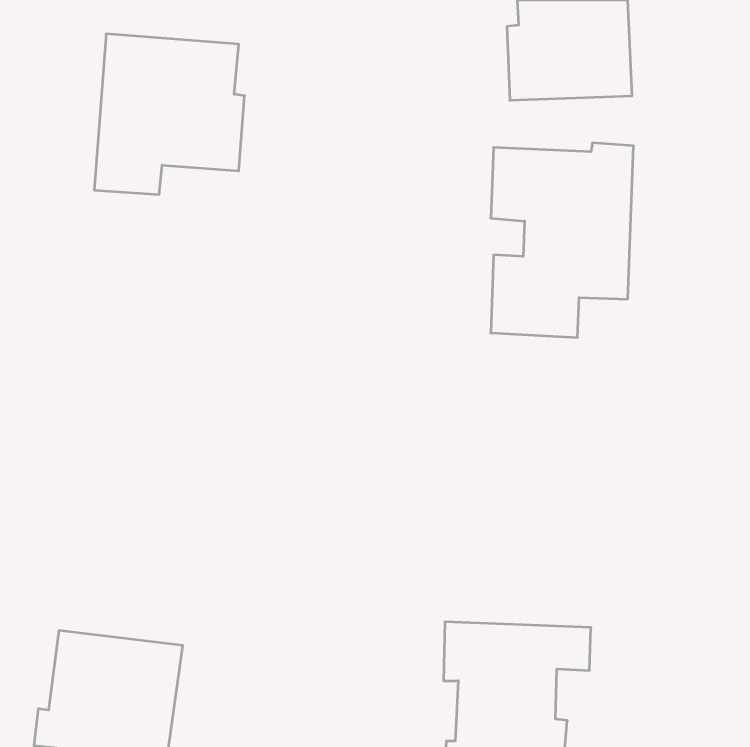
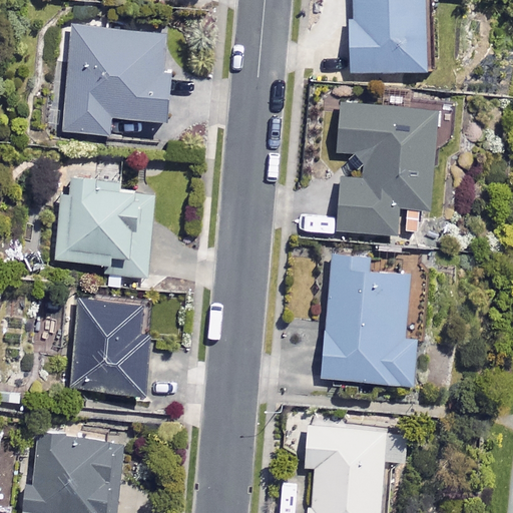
building: none -> [59,165,156,278]
building: none -> [324,254,414,383]
building: none -> [71,299,148,393]

